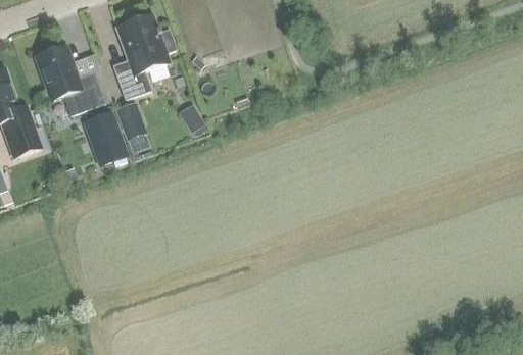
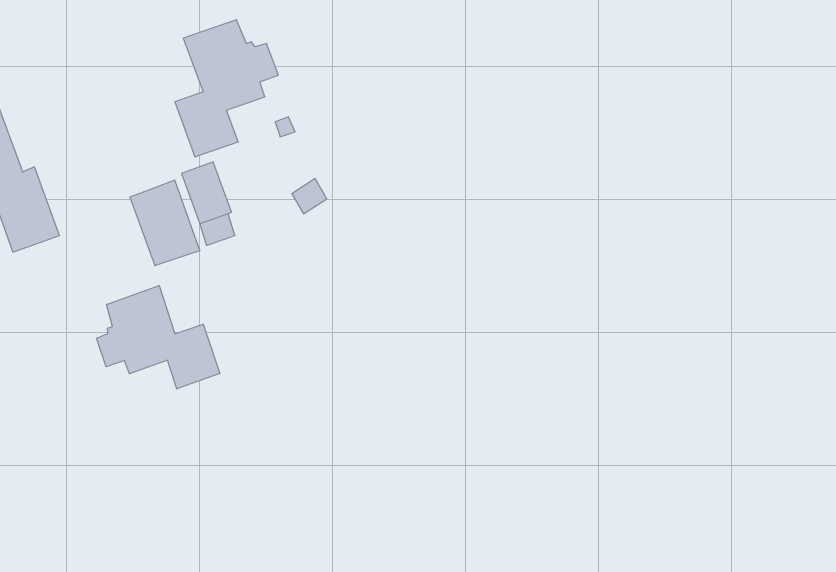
building: [36,45,96,114] -> none
building: none -> [97,286,220,389]

